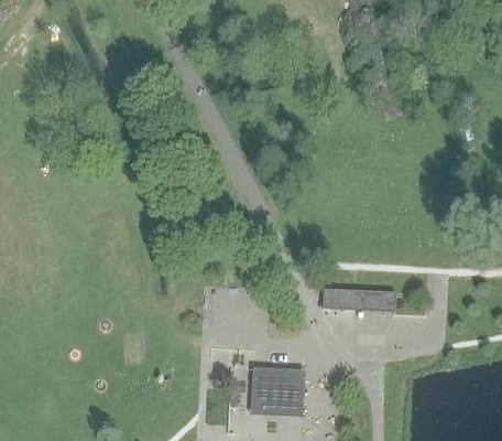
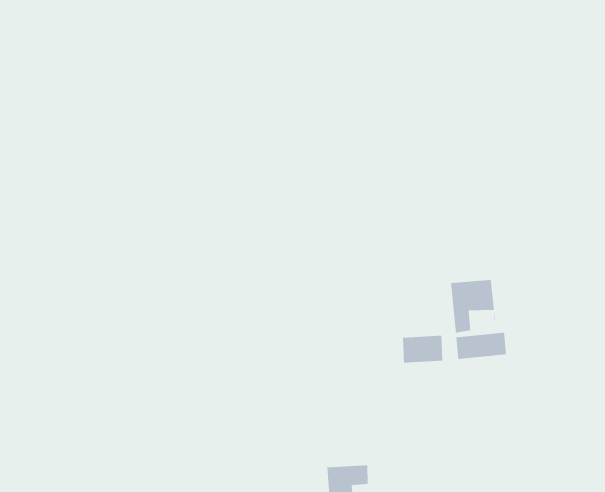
building: none -> [451,279,495,333]

